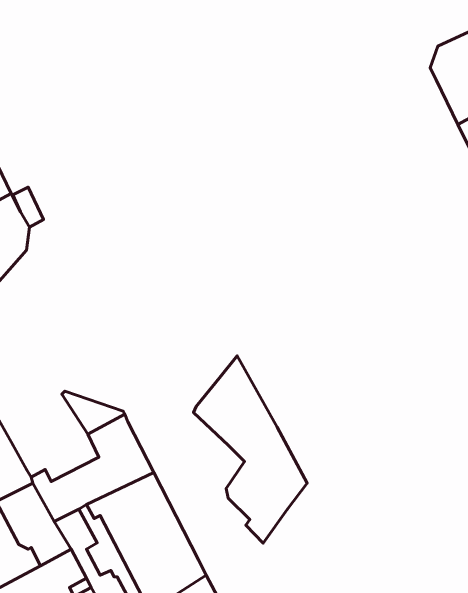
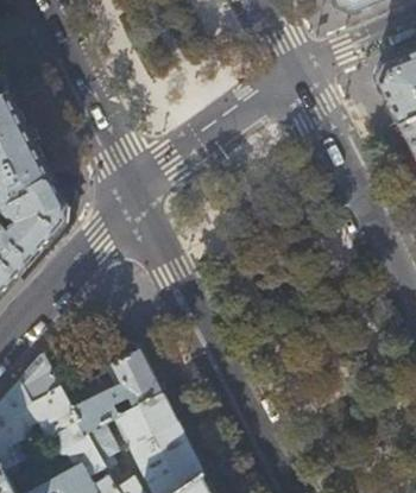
building: [194,356,307,543] -> none

